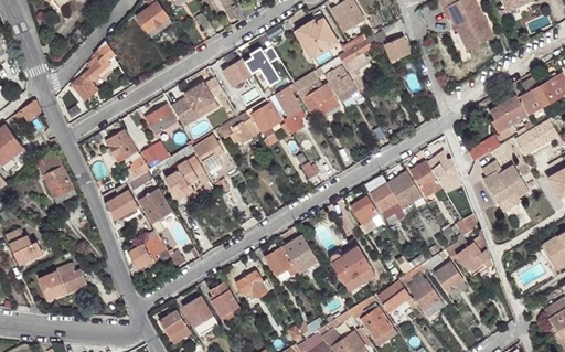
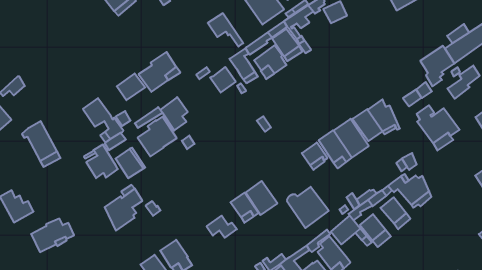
building: [71,42,115,102] -> none
building: [224,60,252,88] -> none
building: [218,114,258,145] -> none
building: [209,282,241,321] -> none

